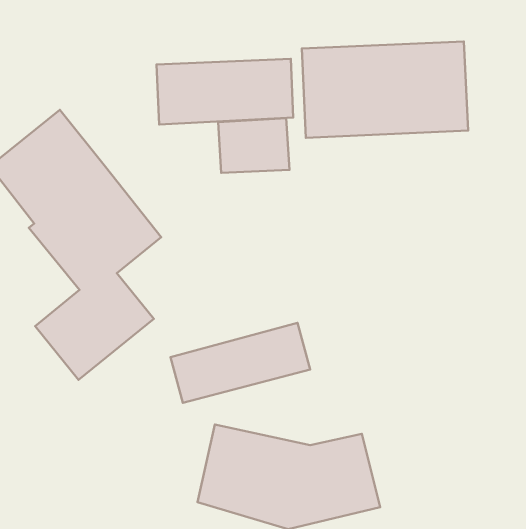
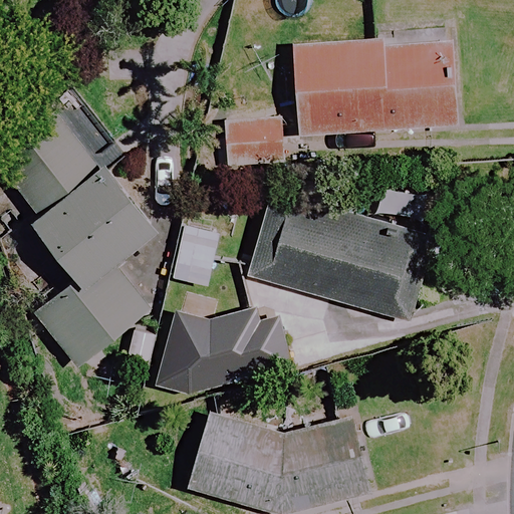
building: [157,59,293,125] -> none
building: none -> [245,190,432,321]

